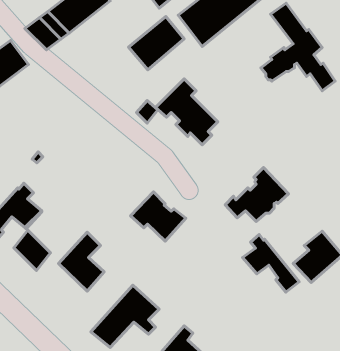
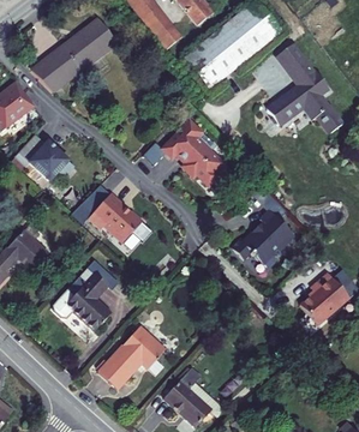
building: [128,16,184,70] -> none
building: none -> [29,143,74,181]
building: [131,192,186,241] -> [88,192,143,241]
building: [14,230,50,271] -> none
building: [243,235,299,292] -> none

